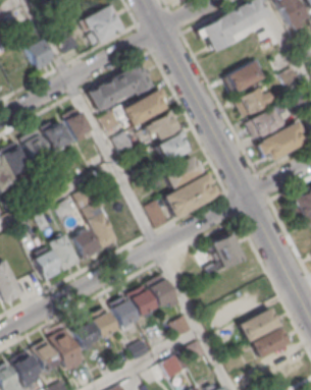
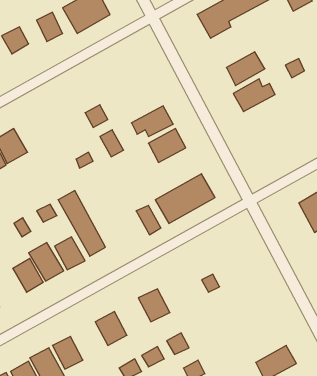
building: [88,65,151,111] -> none
building: [121,88,164,127] -> none
building: [62,109,90,140] -> none
building: [245,109,280,140] -> none
building: [43,121,70,152] -> none
building: [256,122,304,161] -> none
building: [161,157,199,188] -> none
building: [212,233,245,269] -> none
building: [129,286,157,317] -> none
building: [90,309,117,339] -> none
building: [241,309,280,342] -> none

